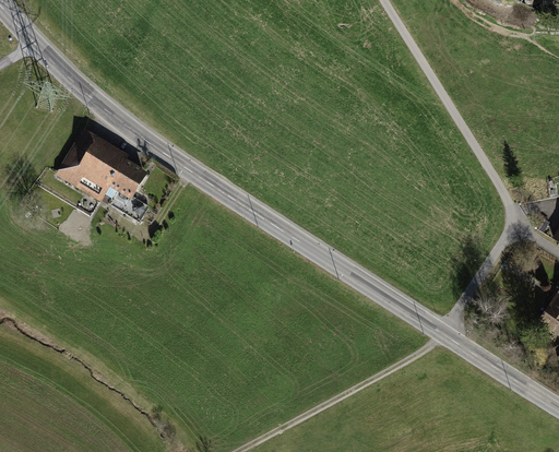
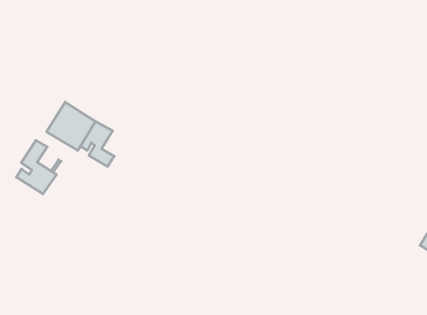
building: none -> [16,140,56,194]

